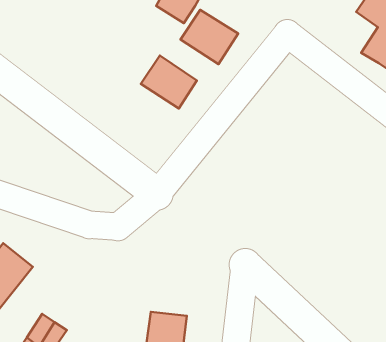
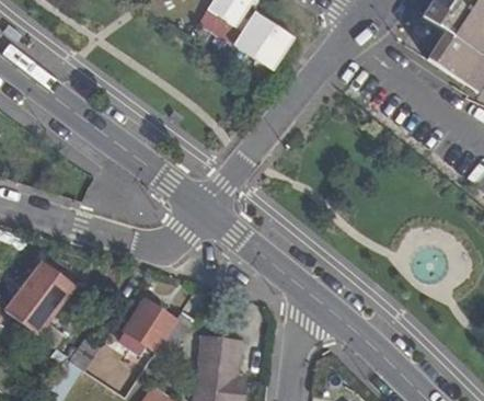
building: [141,56,197,108] -> none
building: none -> [124,300,189,359]

